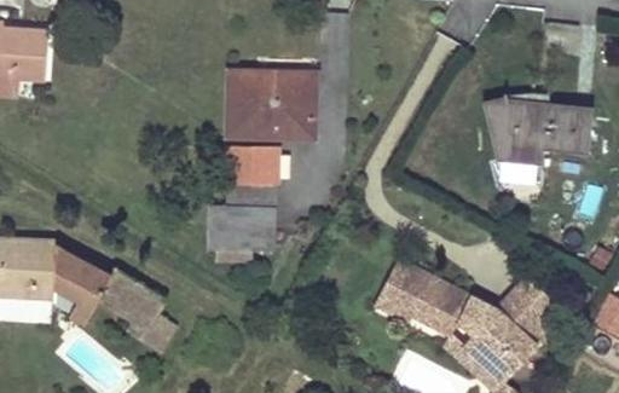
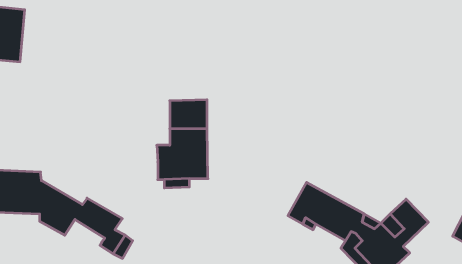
building: [230,71,312,137] -> none
building: [482,98,589,166] -> none

